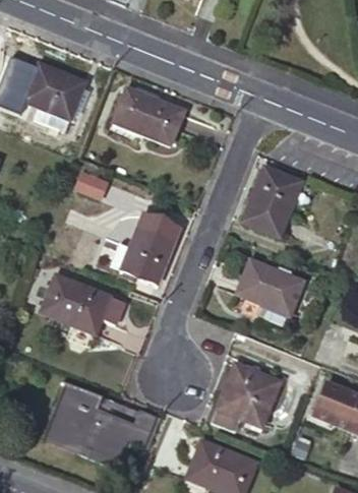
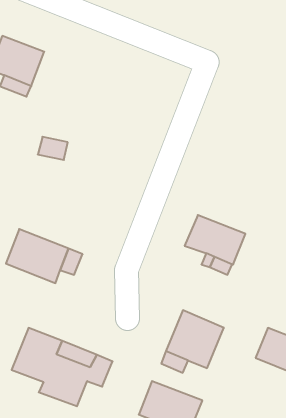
building: [111,87,183,145] -> none
building: [242,167,300,236] -> none
building: [121,213,179,283] -> none

